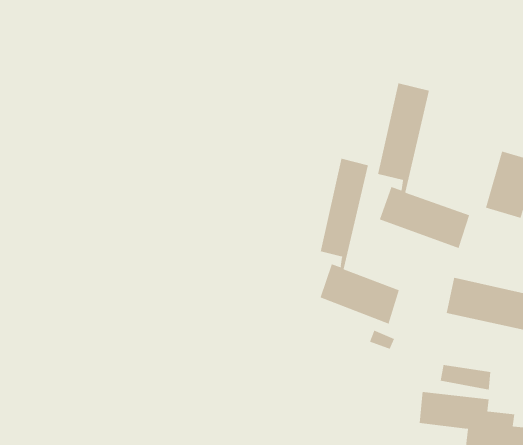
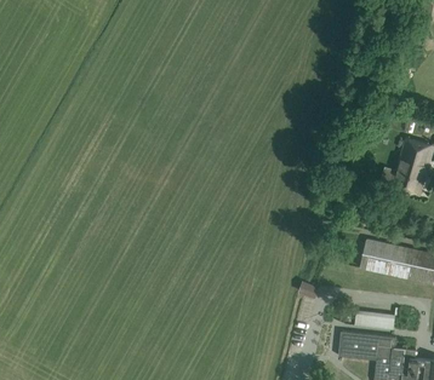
building: [378,82,470,249] -> none
building: [320,158,399,325] -> none

